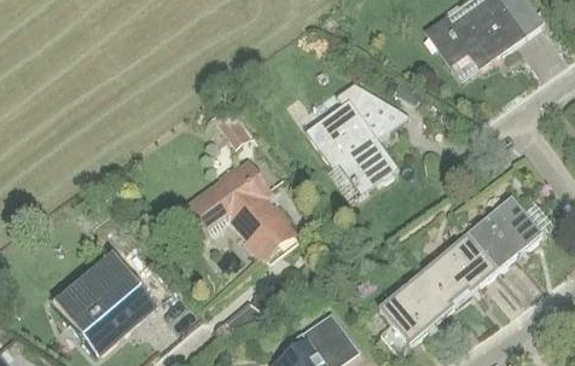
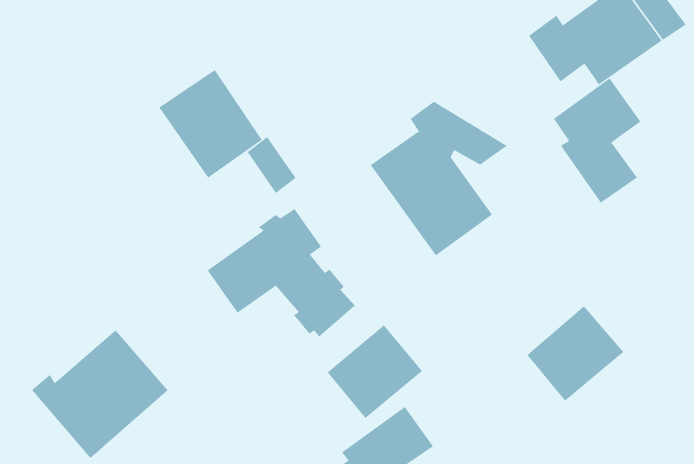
building: none -> [159,69,263,178]
building: none -> [553,77,641,204]
building: [467,199,541,271] -> none
building: [381,273,453,344] -> [327,324,423,419]

